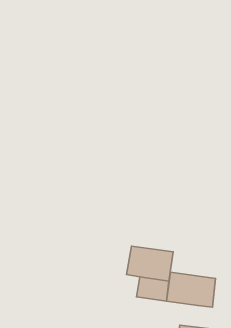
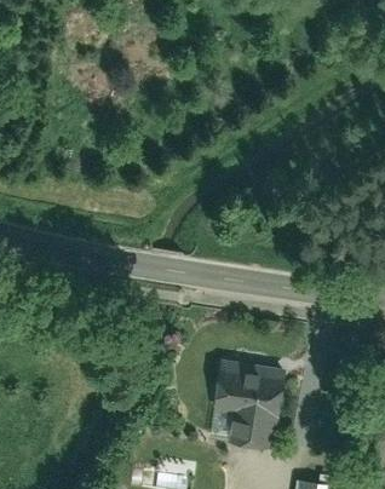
building: [166,272,215,307] -> none

